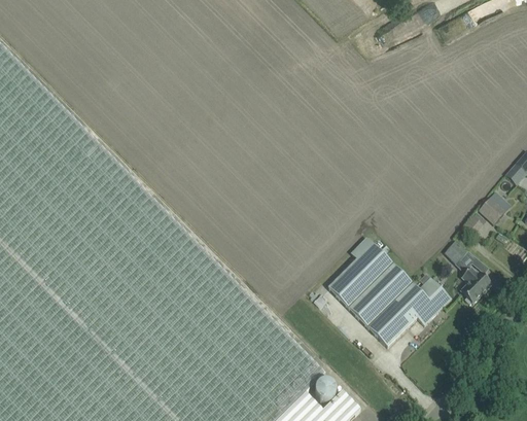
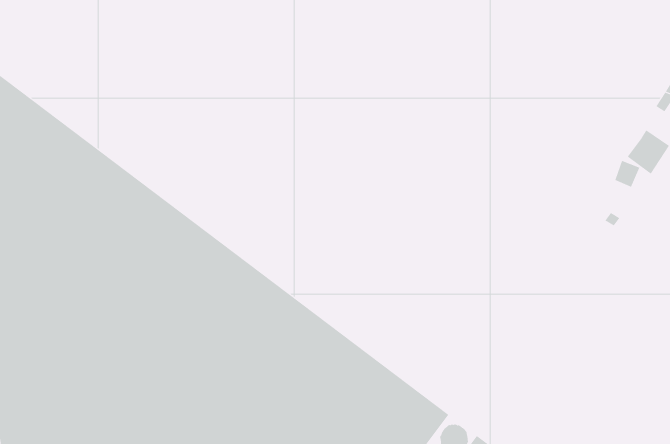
building: [328,244,451,347] -> none
building: [461,268,492,304] -> none

